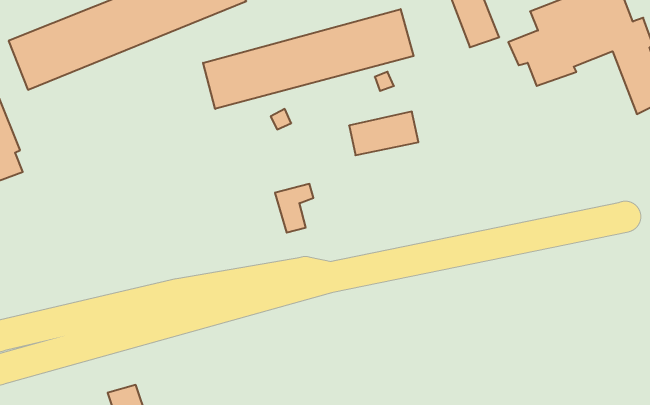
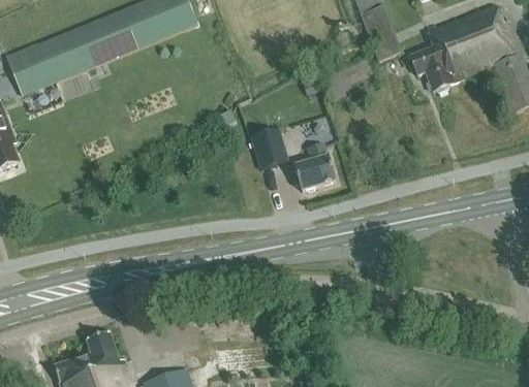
building: [203,9,414,109] -> none
building: none -> [294,143,336,191]
building: [275,184,313,233] -> [251,129,282,168]

